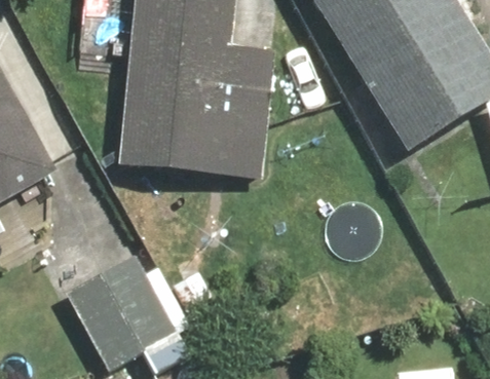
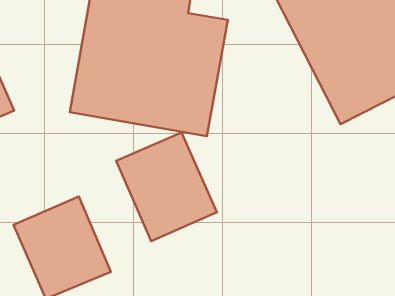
building: none -> [116,133,217,241]

